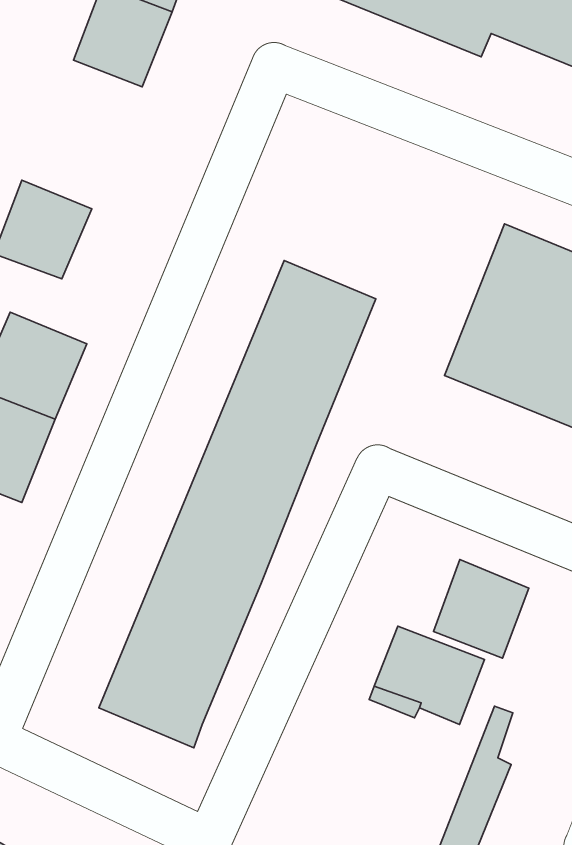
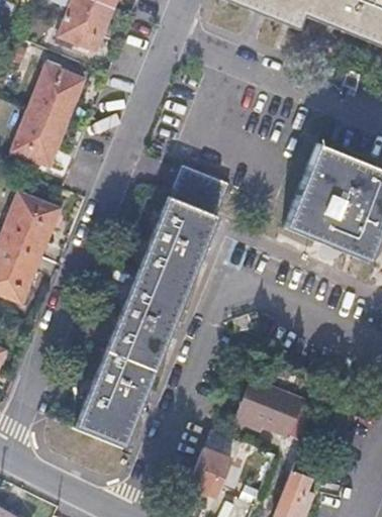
building: none -> [25,61,87,126]
building: [434,560,529,658] -> none
building: none -> [192,442,237,492]

